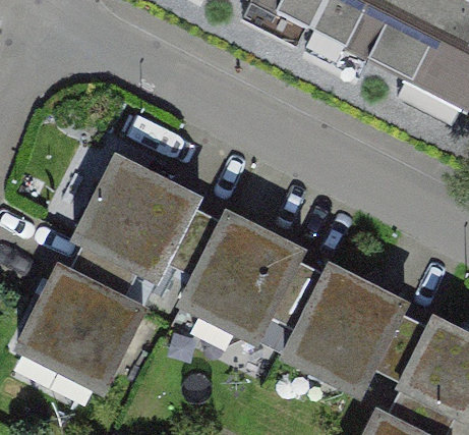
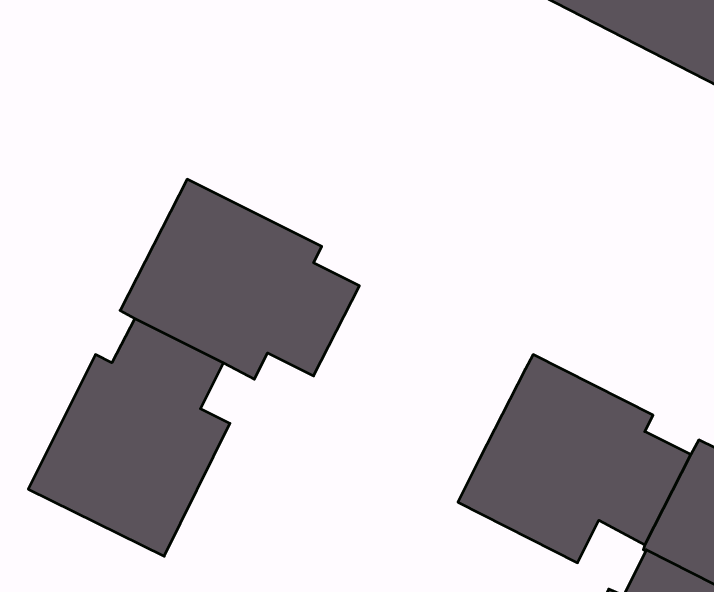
building: [182,212,327,342] -> none

